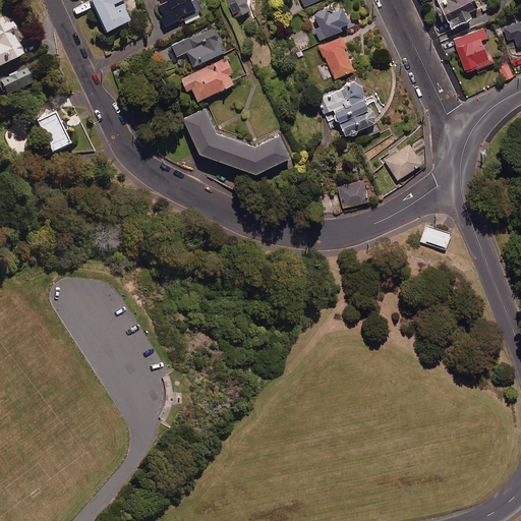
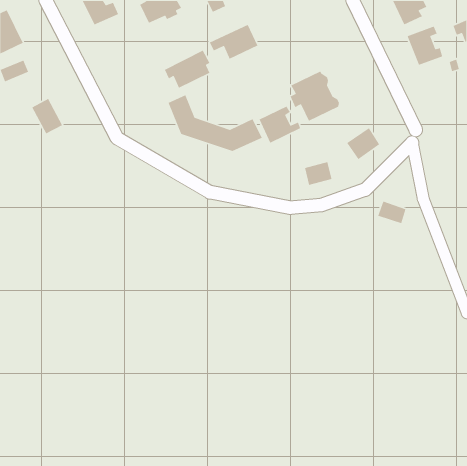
building: [309,7,351,40] -> none
building: [171,26,226,66] -> [209,24,258,60]
building: [319,35,356,78] -> none
building: none -> [259,105,301,144]

